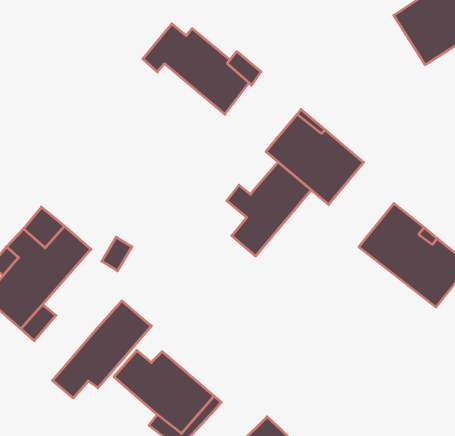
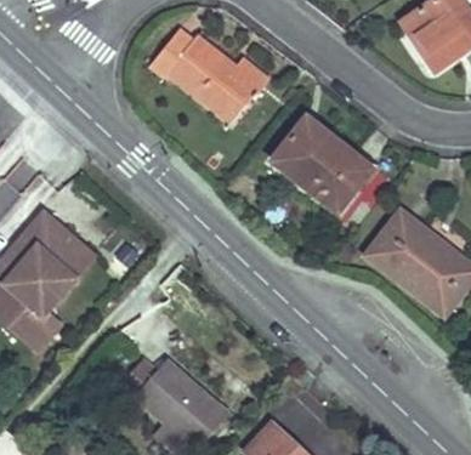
building: [227,162,311,256] -> none
building: [52,301,151,398] -> none

